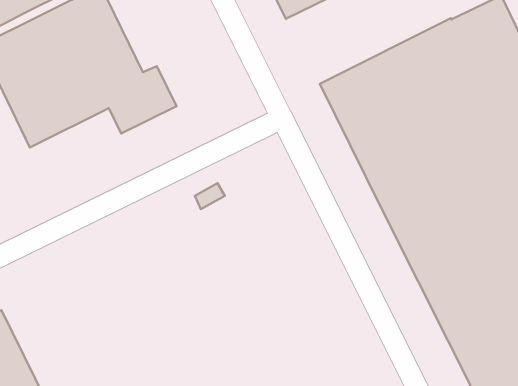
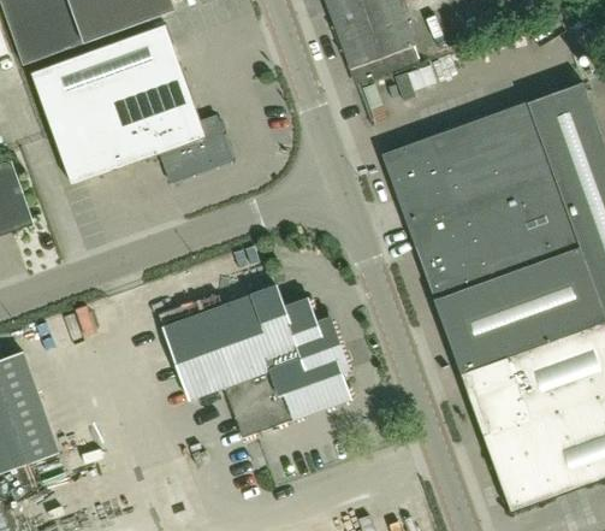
building: none -> [162,284,350,437]

